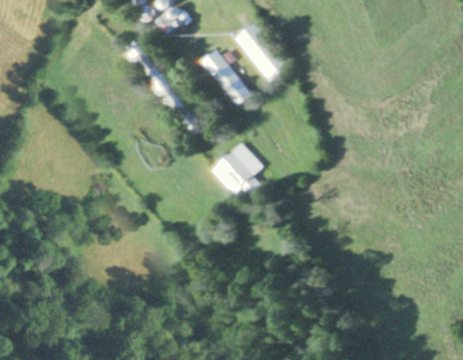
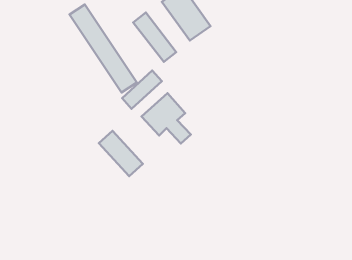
building: none -> [122,71,162,109]
building: none -> [99,131,143,176]

